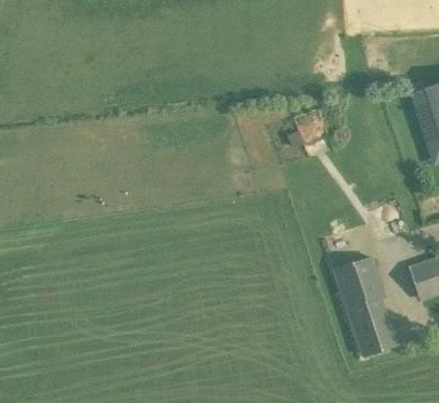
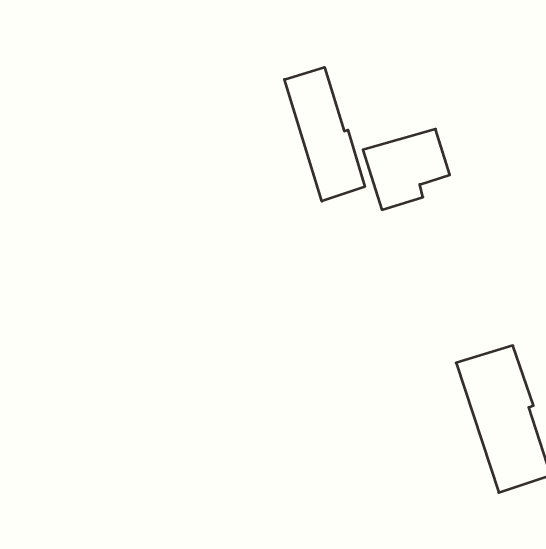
building: none -> [284,67,365,201]

